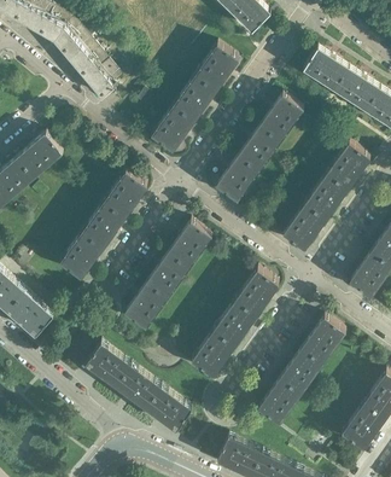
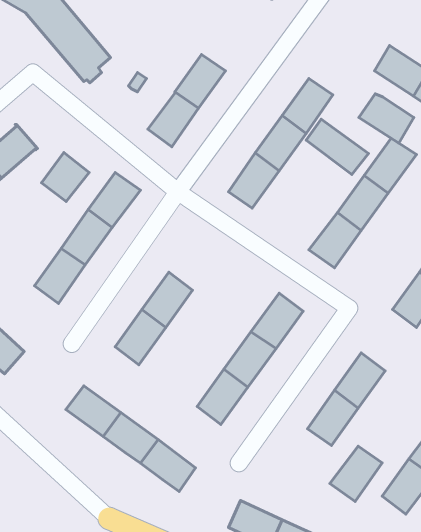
building: [197,43,239,88] -> none
building: [304,48,349,88] -> [359,94,414,143]
building: none -> [306,119,368,174]
building: none -> [41,153,89,201]
building: [170,221,211,266] -> none
building: [259,378,302,423] -> [330,446,382,502]

